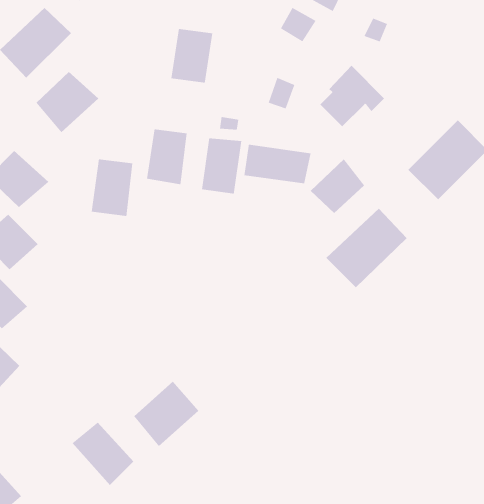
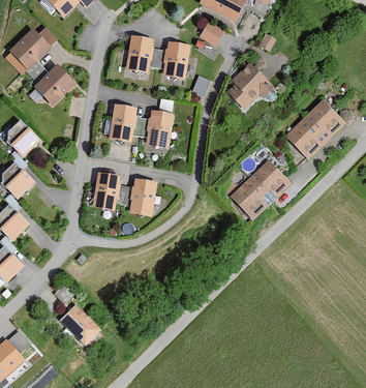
building: none -> [162,42,189,79]
building: [244,144,311,184] -> none
building: [310,159,365,214] -> none
building: [91,159,133,216] -> [91,173,120,212]
building: none -> [129,179,157,217]
building: [134,381,199,447] -> none

